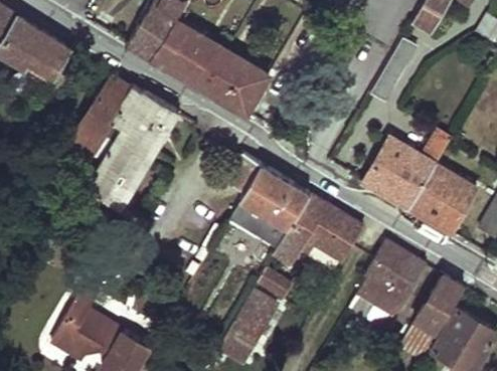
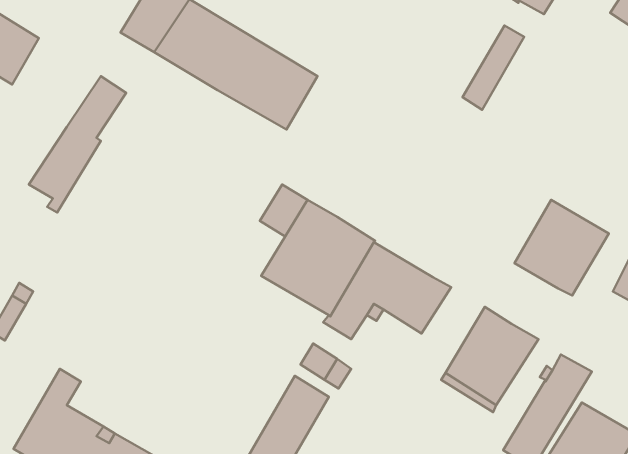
building: [86,86,179,210] -> none
building: [363,131,452,210] -> none

